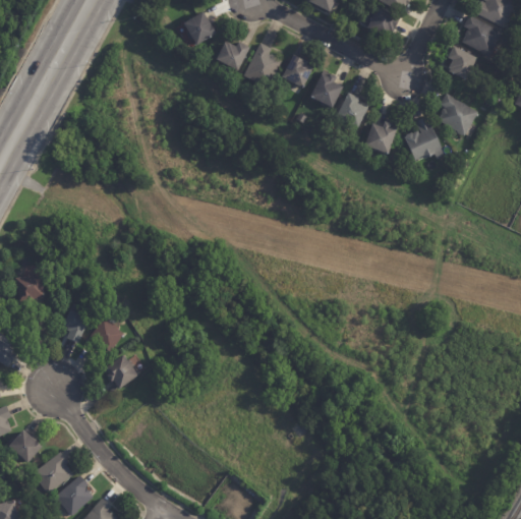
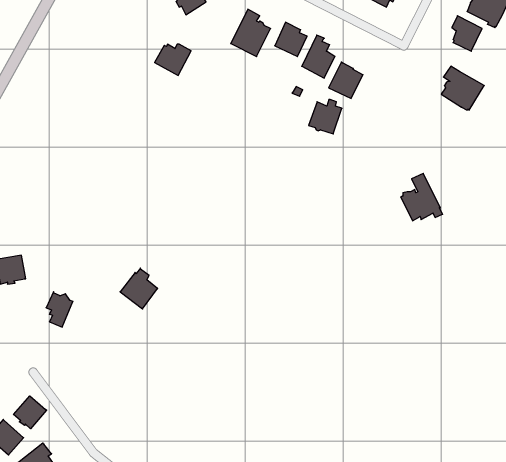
building: [212,40,246,69] -> [155,44,191,75]
building: [405,116,445,161] -> [401,173,443,221]
building: [365,122,397,155] -> [309,100,342,134]
building: [90,313,125,352] -> [120,268,158,309]
building: [104,354,139,389] -> none
building: none -> [14,396,47,429]

